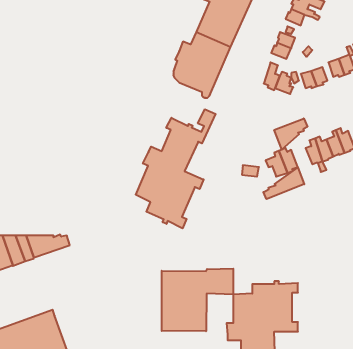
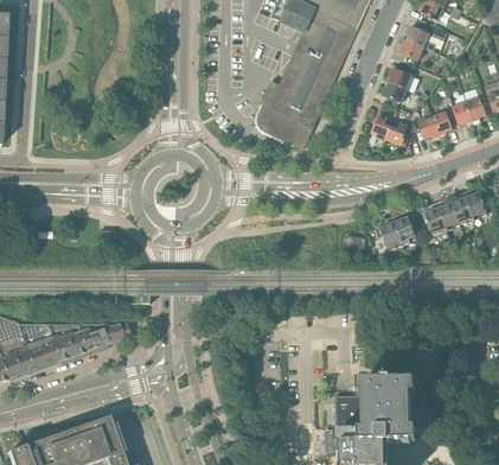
building: [136,109,216,228] -> none
building: [274,118,307,150] -> none
building: [263,168,304,199] -> none
building: [162,269,233,331] -> none

